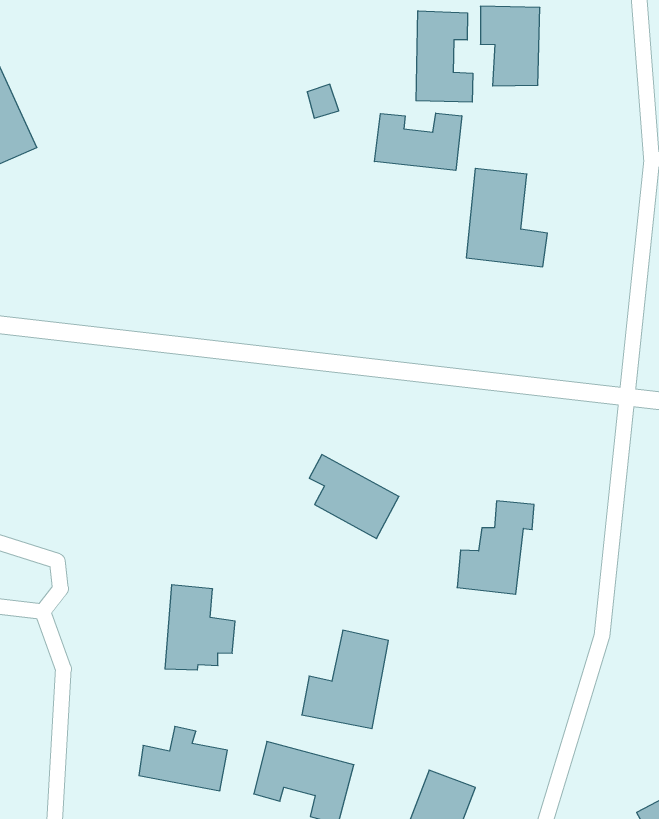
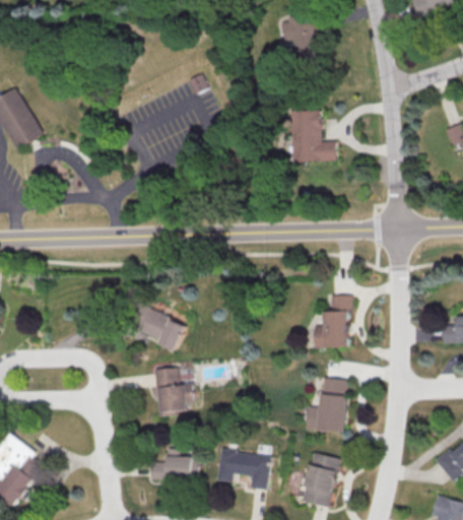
building: [416,11,473,102] -> none
building: [374,113,462,170] -> none
building: [309,455,399,539] -> [133,306,185,348]
building: [302,630,388,729] -> [307,378,349,431]

